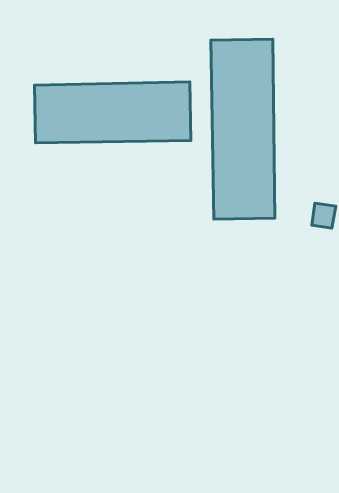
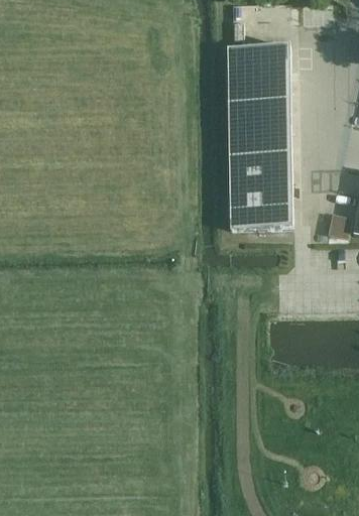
building: [34,82,191,143] -> none

